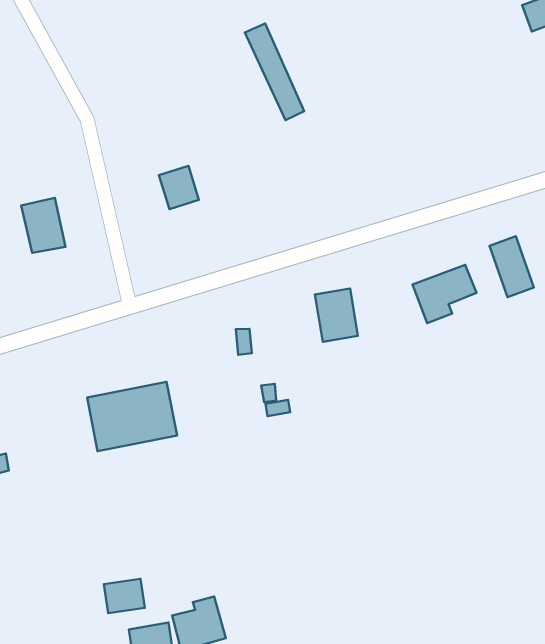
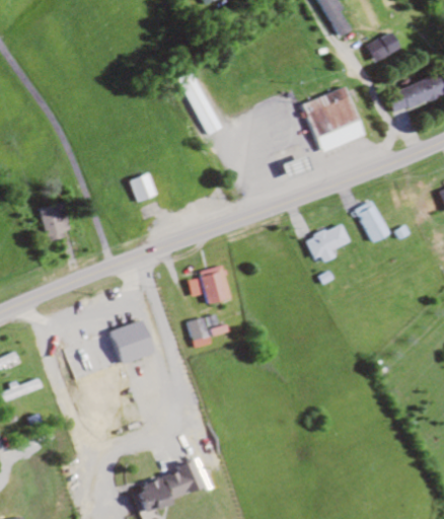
building: none -> [300,87,362,153]
building: [315,289,358,342] -> [201,266,232,303]
building: none -> [191,317,213,348]
building: [104,579,145,613] -> none

